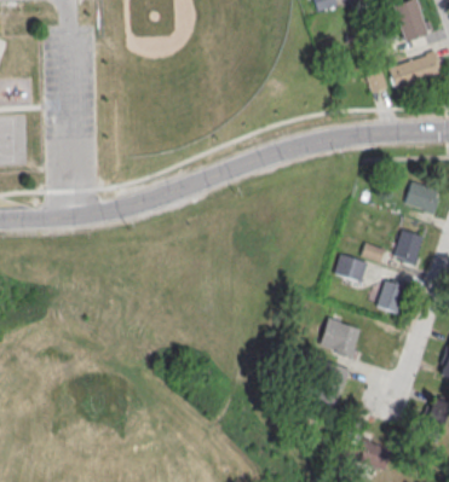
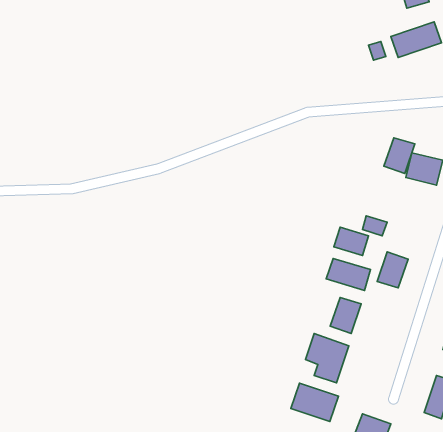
building: [393,231,424,266] -> [384,138,415,174]
building: none -> [326,259,370,291]
building: none -> [291,383,338,422]

